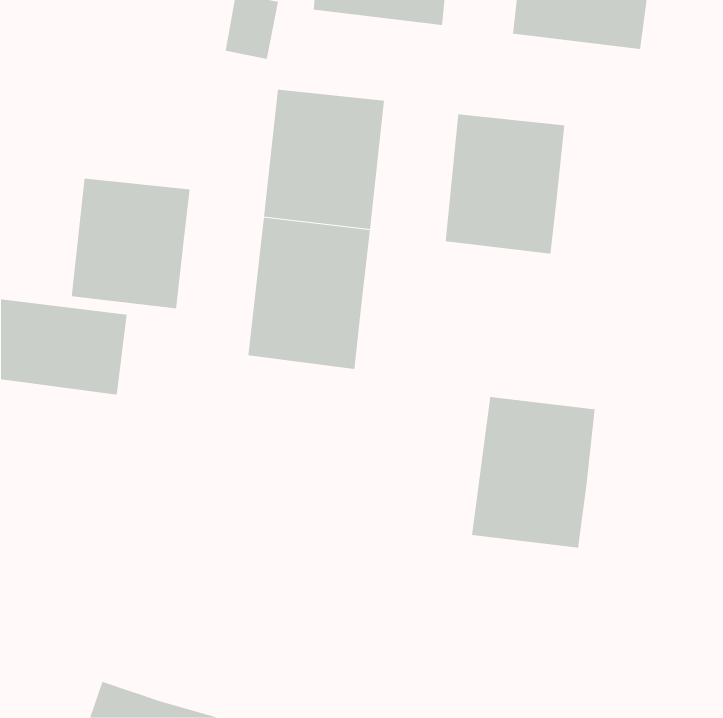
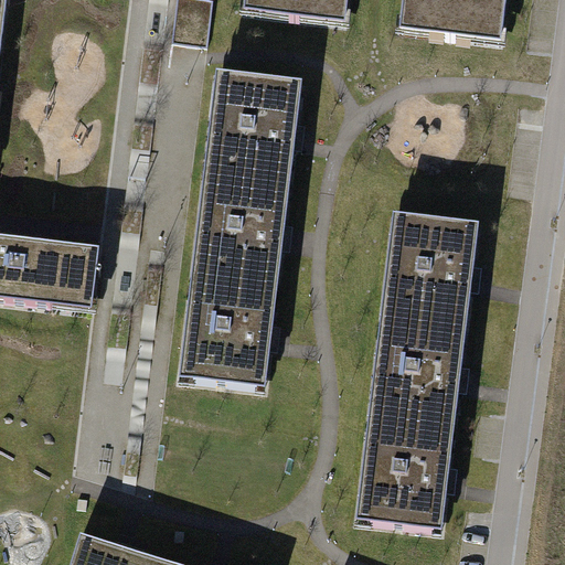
building: [445,114,565,254] -> [382,210,476,319]
building: [71,178,190,309] -> none
building: none -> [181,277,277,385]
building: none -> [355,417,451,525]

